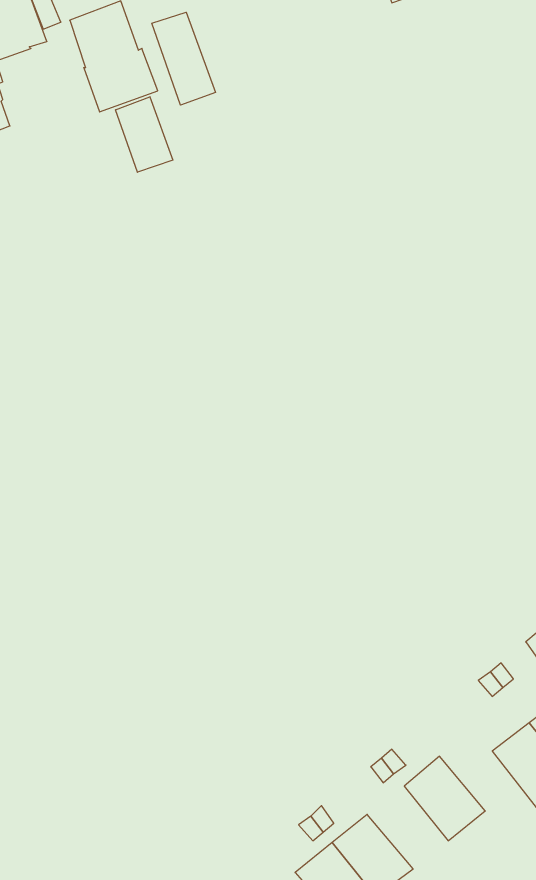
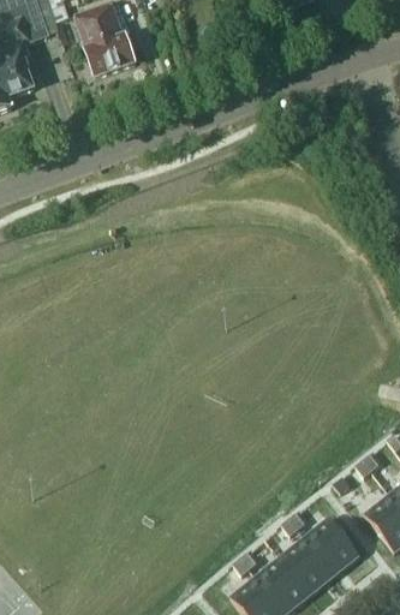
building: [152,12,216,105] -> none
building: [116,97,173,172] -> none
building: none -> [279,537,334,593]

